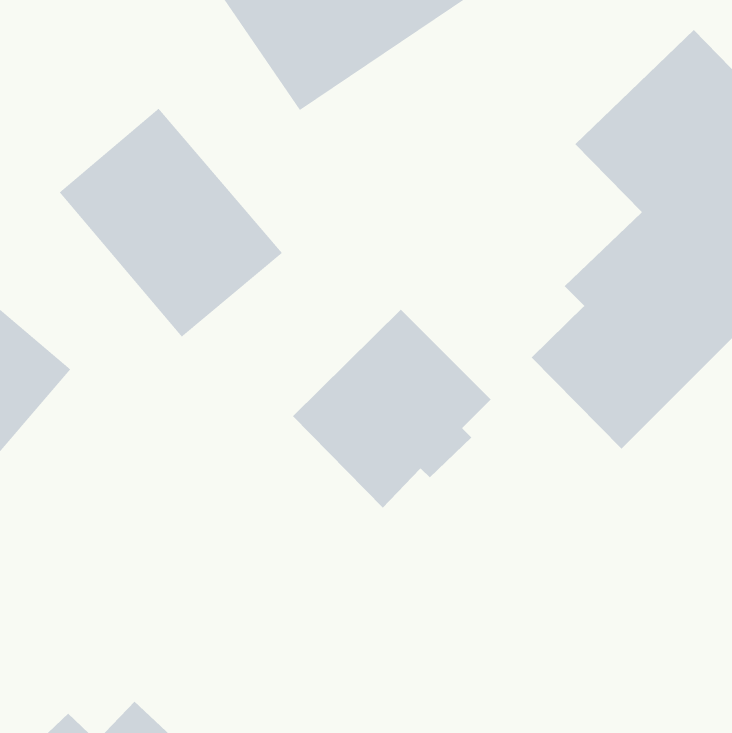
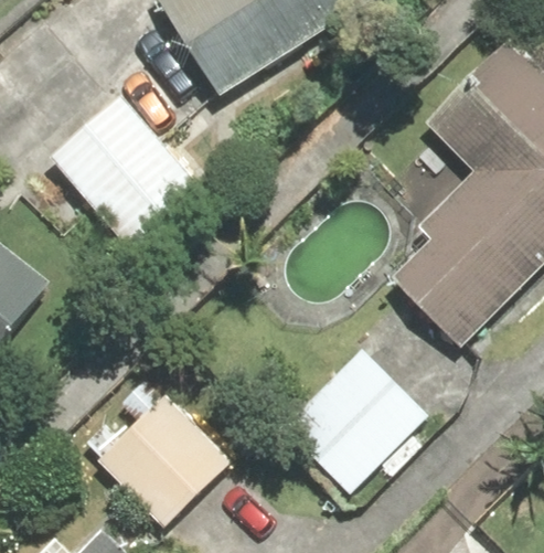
building: [292,309,492,509] -> [281,349,427,494]
building: none -> [96,394,231,528]

